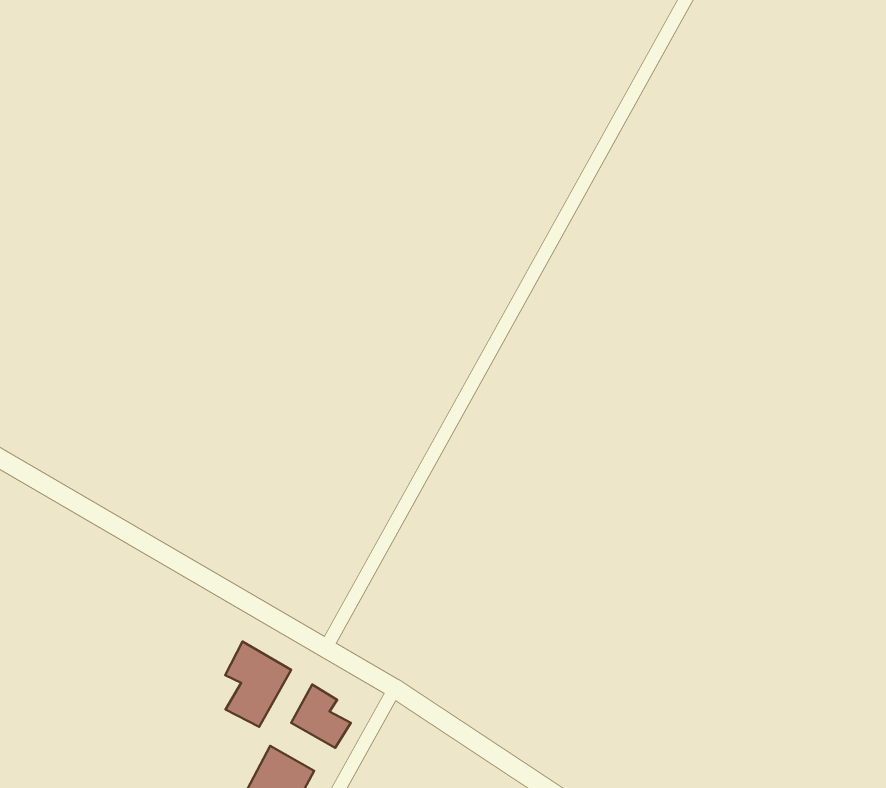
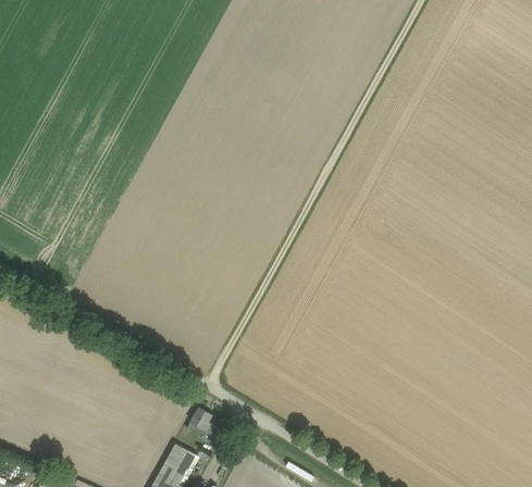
building: [225,642,291,727] -> none

